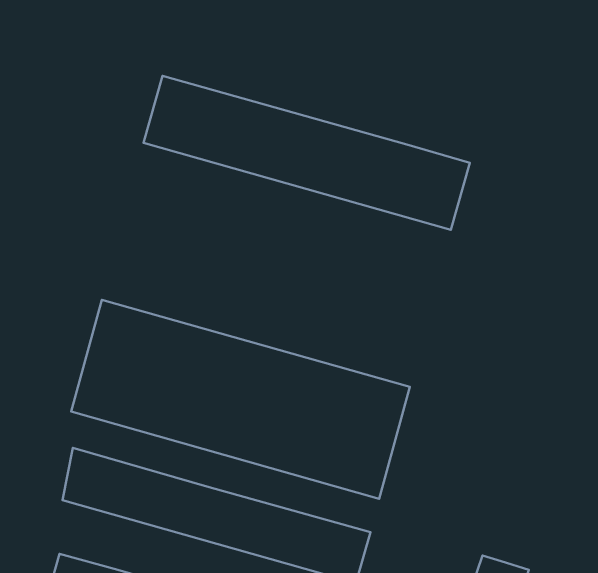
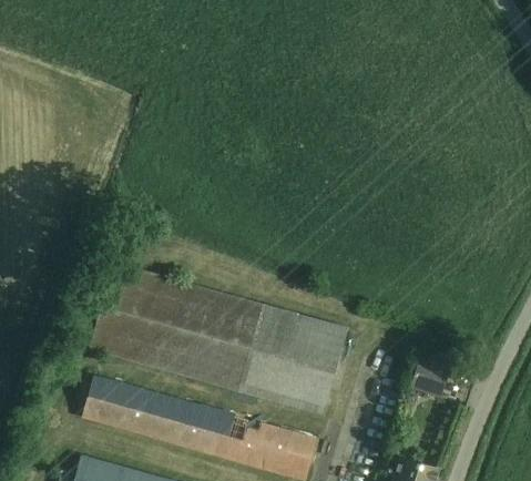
building: [144,76,470,230] -> none
building: none -> [410,356,449,395]

